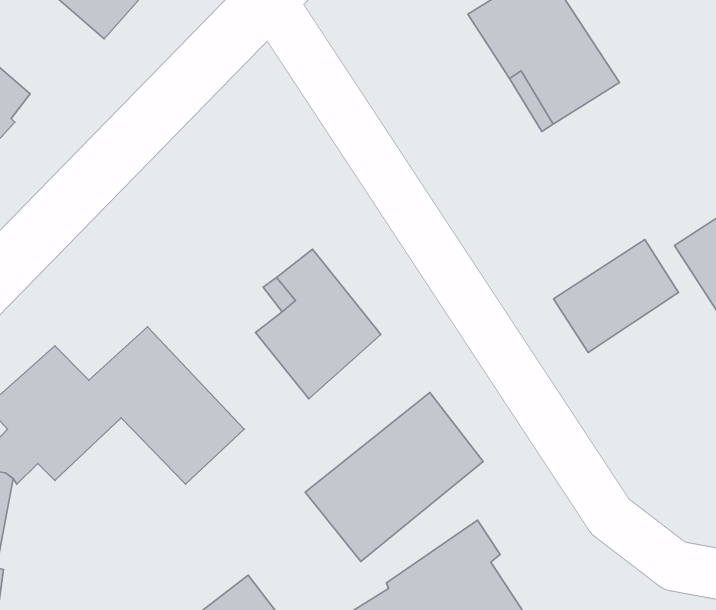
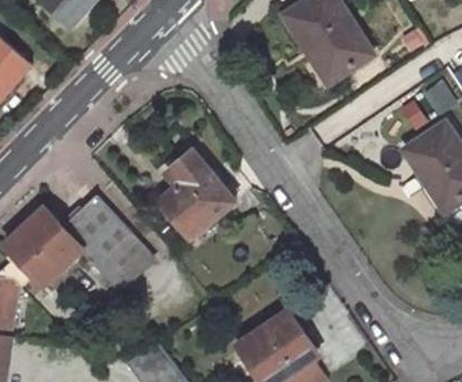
building: [553,239,678,353] -> none
building: [305,393,483,562] -> none

